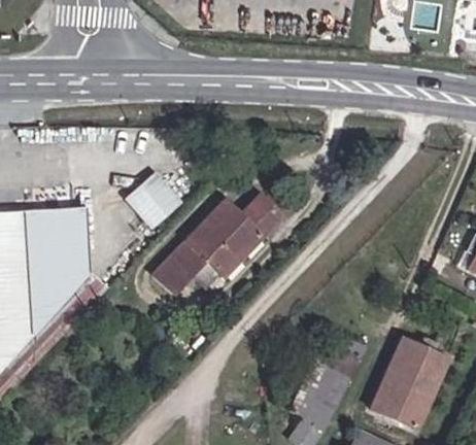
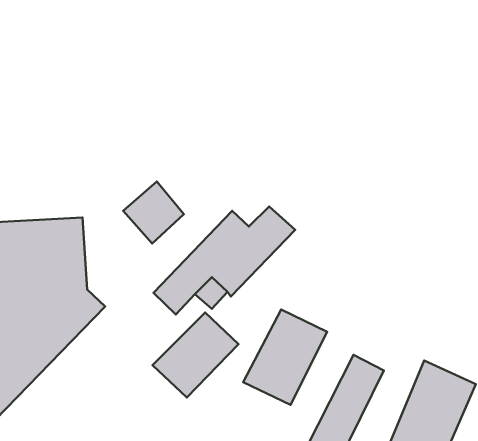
building: none -> [243,309,327,405]
building: none -> [153,313,238,397]

